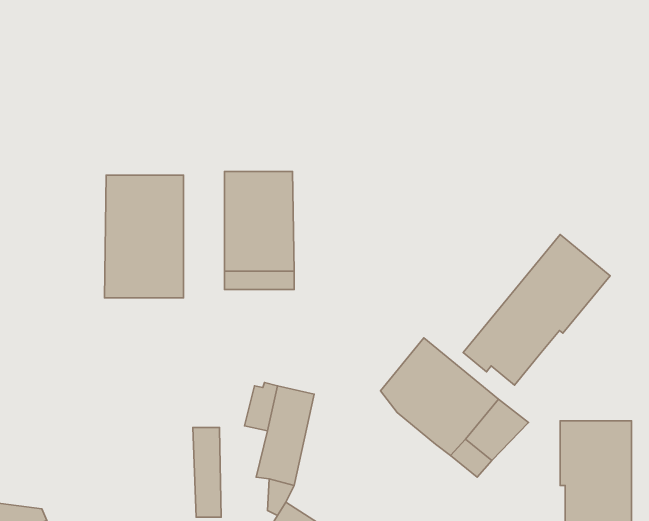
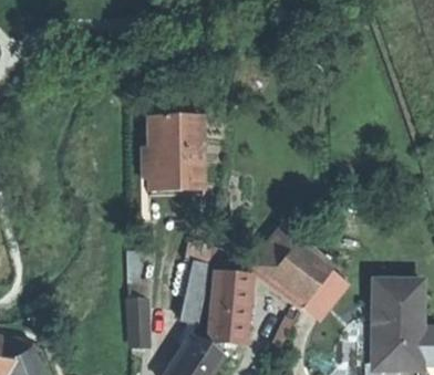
building: [104,175,184,298] -> none
building: [463,235,610,385] -> none
building: none -> [211,272,250,343]

